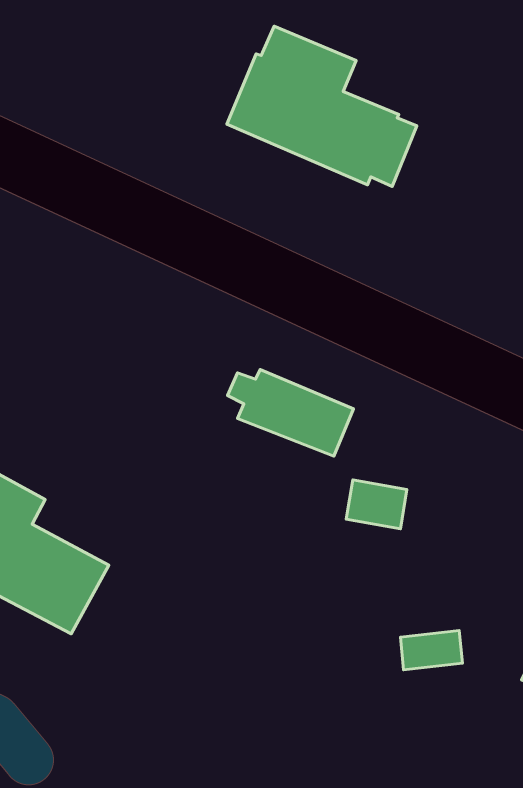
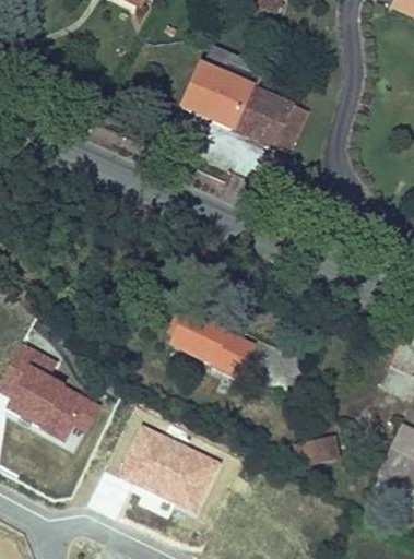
building: [228,369,354,456] -> [171,328,256,385]
building: none -> [117,420,223,512]

